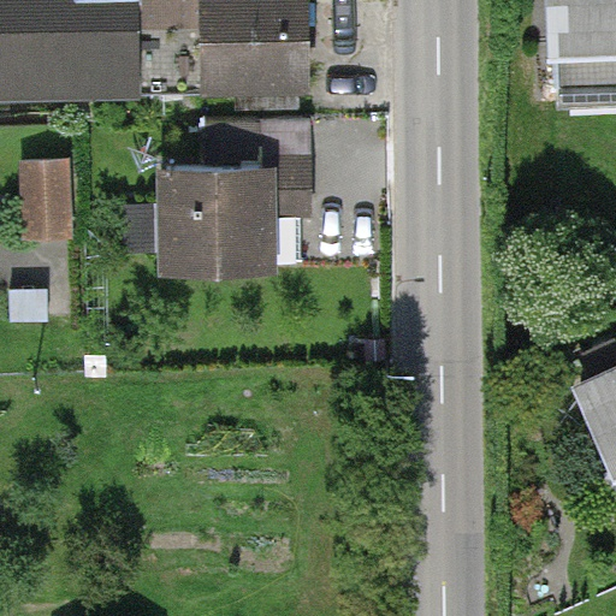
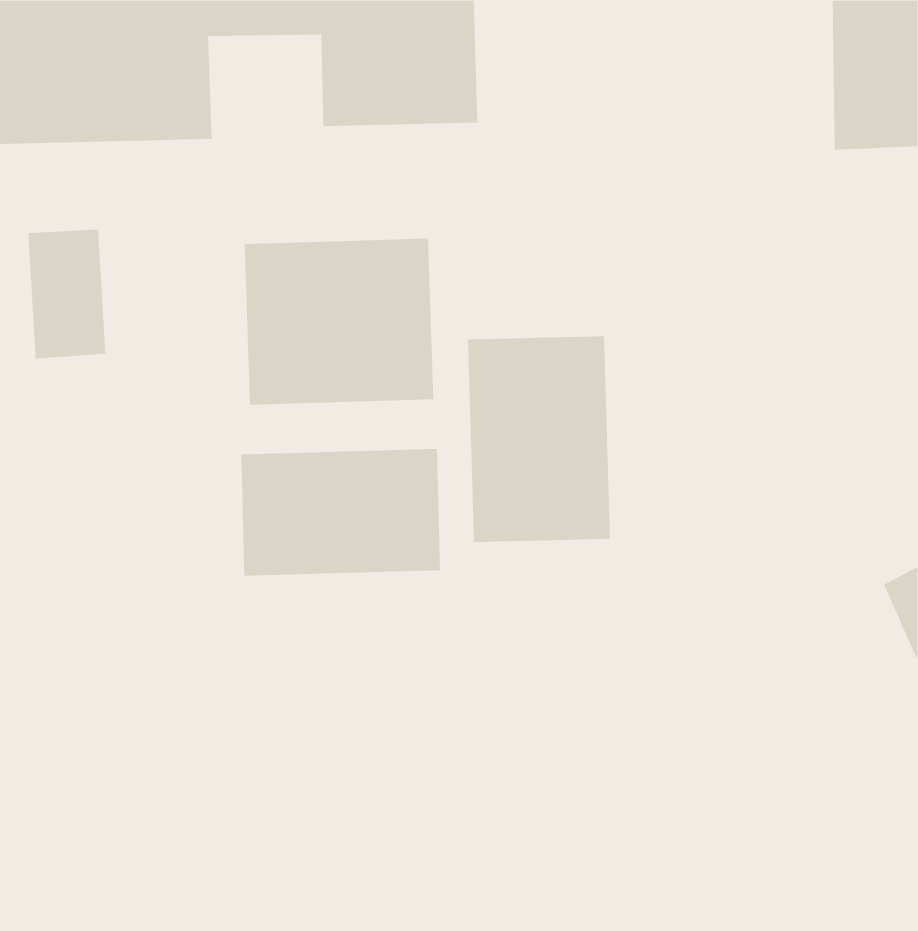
building: none -> [467,336,611,543]
building: none -> [241,448,441,577]

